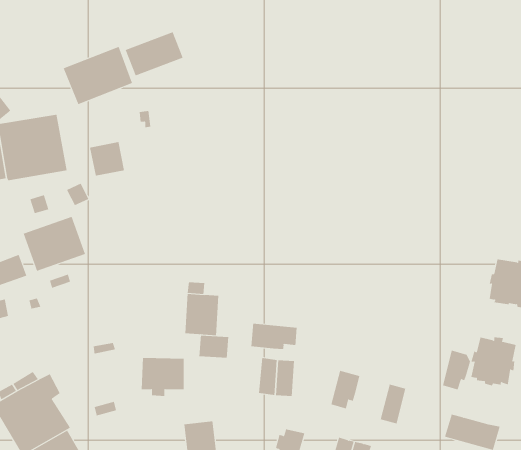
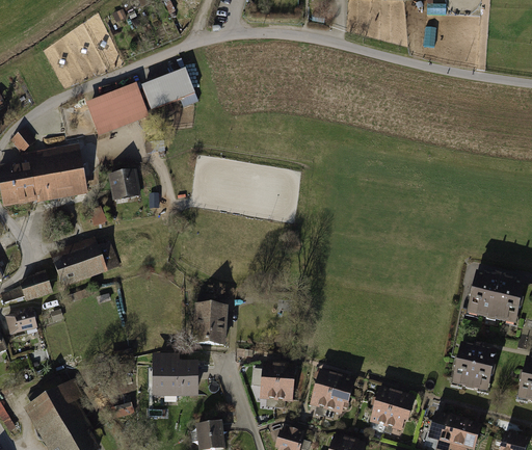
building: [251,323,297,350] -> none
building: [199,335,229,359] -> none
building: [442,350,471,390] -> [387,392,413,428]
building: none -> [312,371,335,406]

